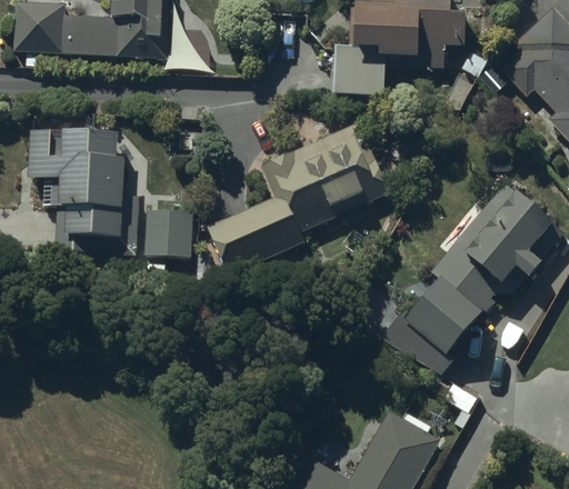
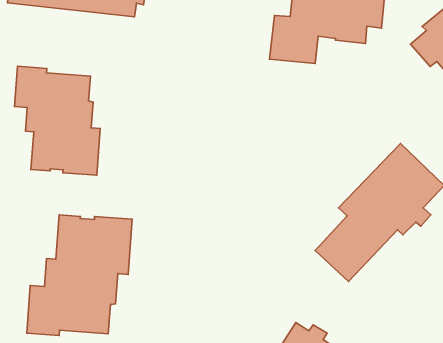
building: [208,121,390,275] -> none
building: [146,203,193,250] -> none
building: none -> [27,215,132,336]

